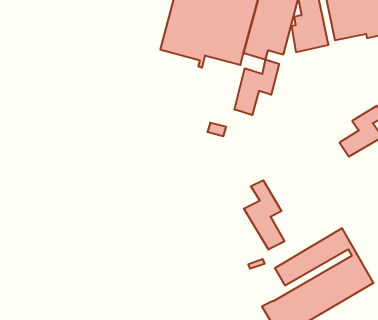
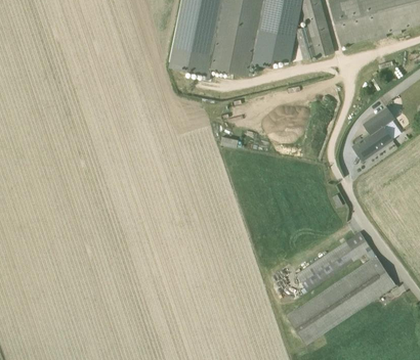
building: [234,59,279,115] -> none
building: [244,180,284,250] -> none

